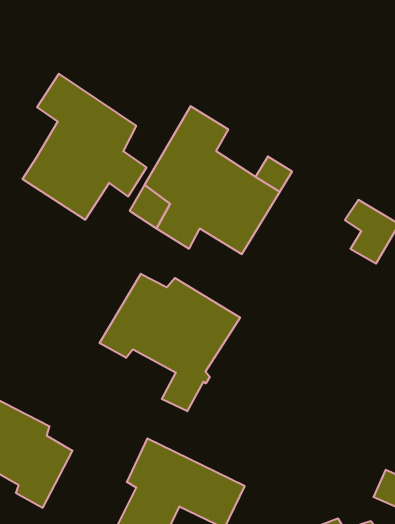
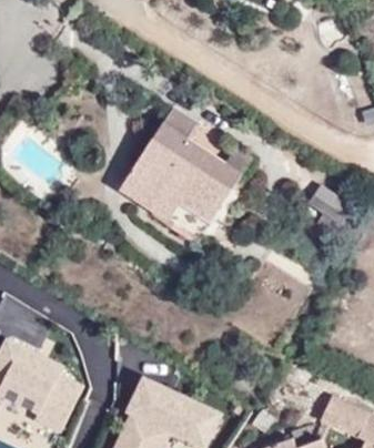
building: [23,74,146,220] -> none
building: [100,274,240,411] -> none

